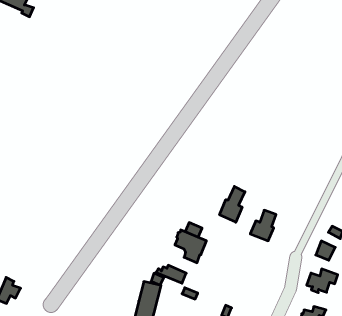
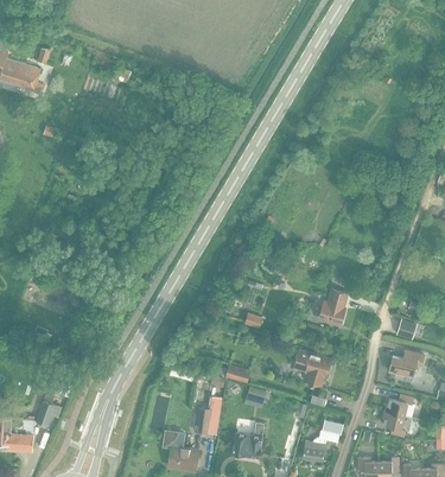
building: [220,186,245,222] -> none
building: [175,230,206,263] -> [293,350,329,386]

